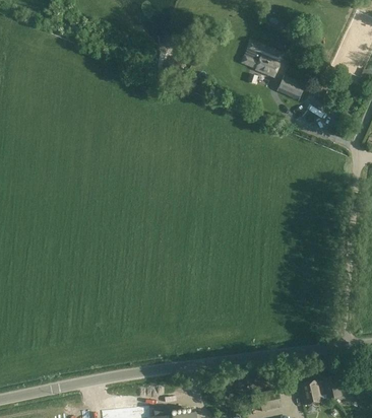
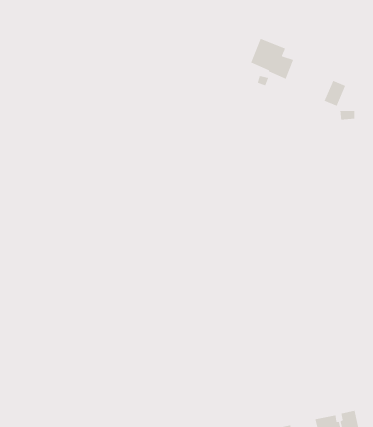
building: [276,77,303,100] -> none

